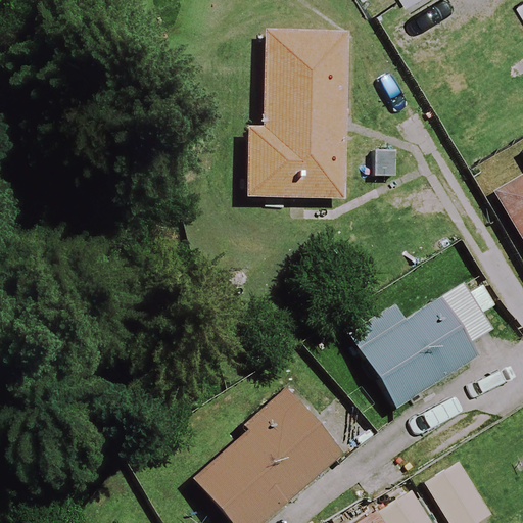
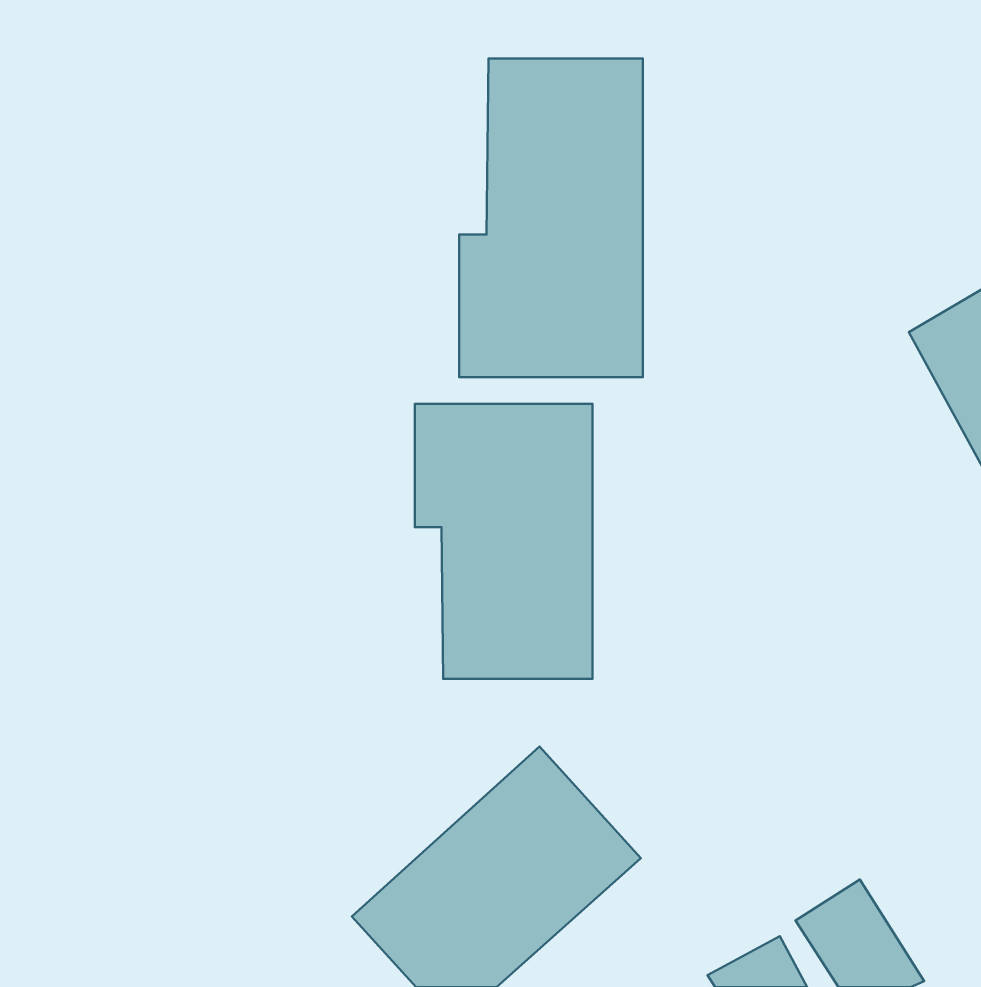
building: none -> [415,404,592,679]
building: [349,280,505,408] -> none

